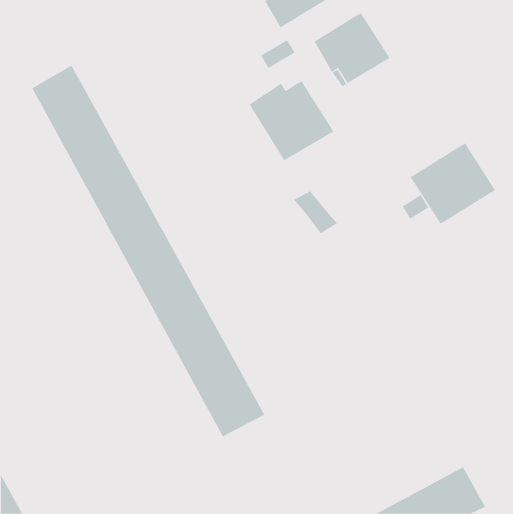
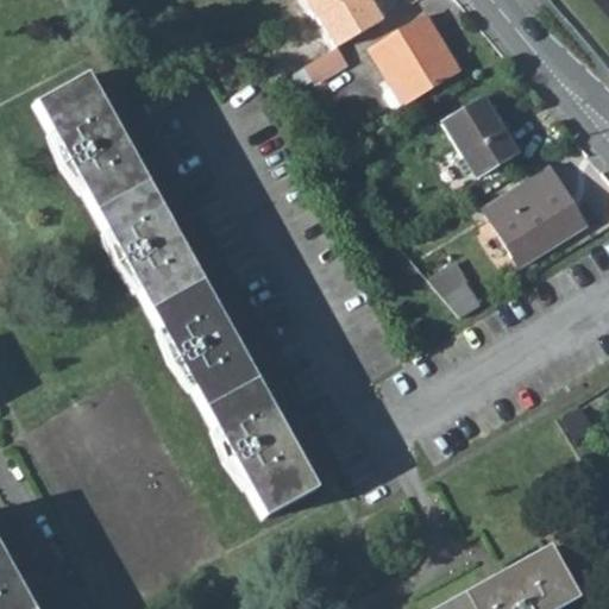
building: [249,80,334,161] -> none
building: none -> [447,96,522,176]
building: [293,191,338,234] -> [429,265,482,316]

